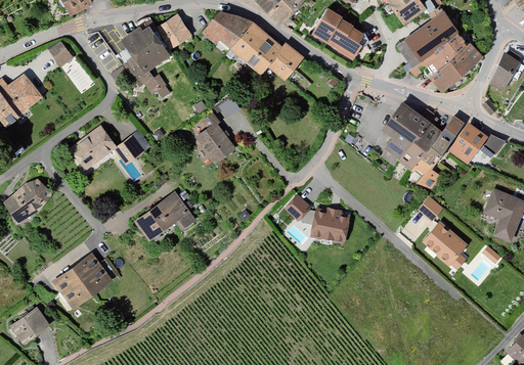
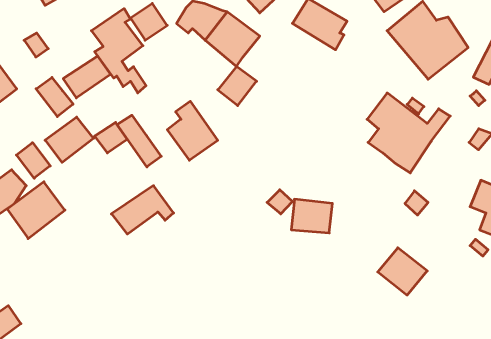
building: [264,44,302,82] -> [218,67,257,106]
building: none -> [63,56,110,98]
building: none -> [36,77,73,117]
building: none -> [117,115,161,167]
building: [447,125,487,166] -> none
building: none -> [16,143,50,178]
building: [423,215,471,261] -> [378,248,427,295]
building: [55,252,112,307] -> [7,182,65,239]

